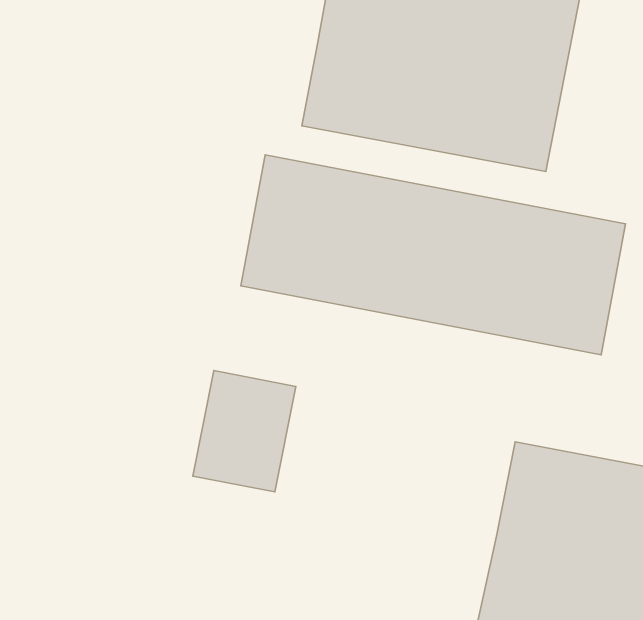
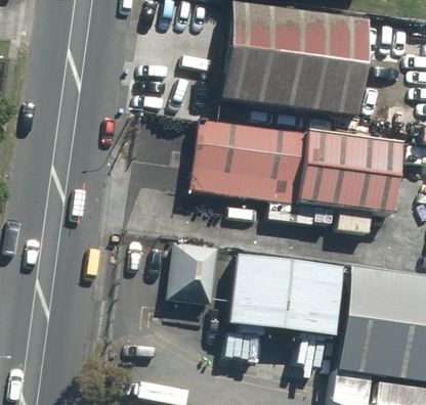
building: none -> [226,254,340,338]

